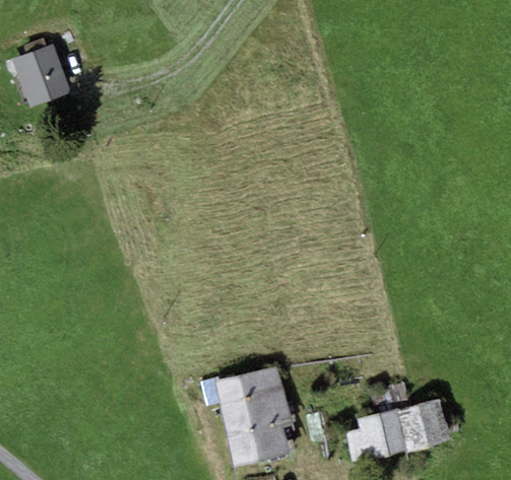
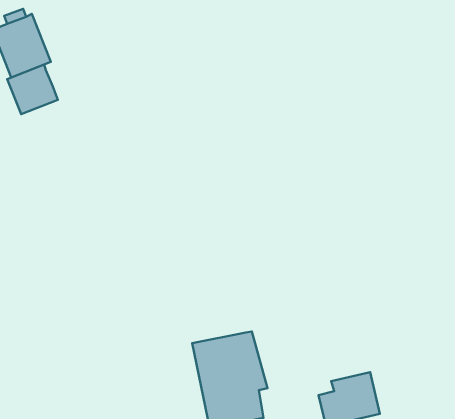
building: none -> [7,65,58,114]
building: [397,399,450,451] -> none

